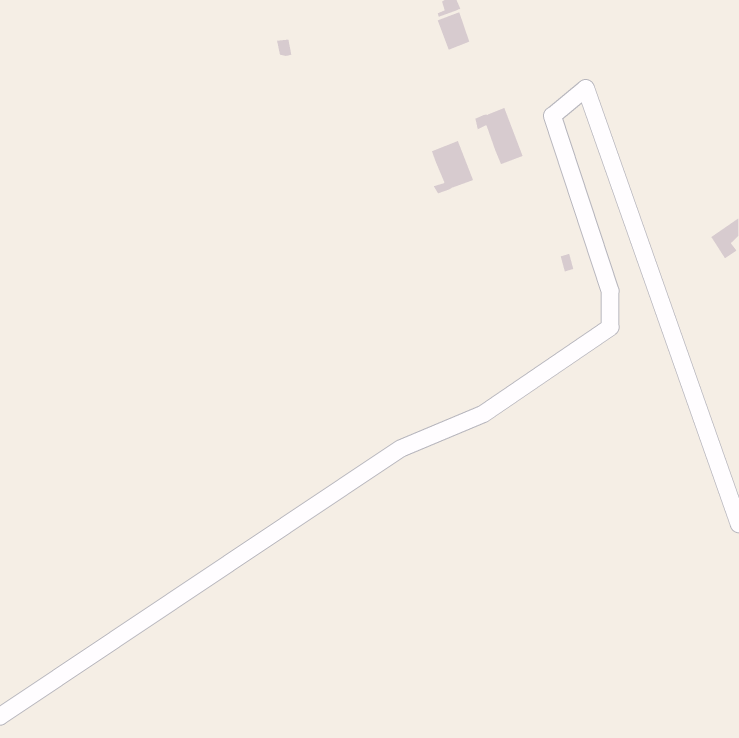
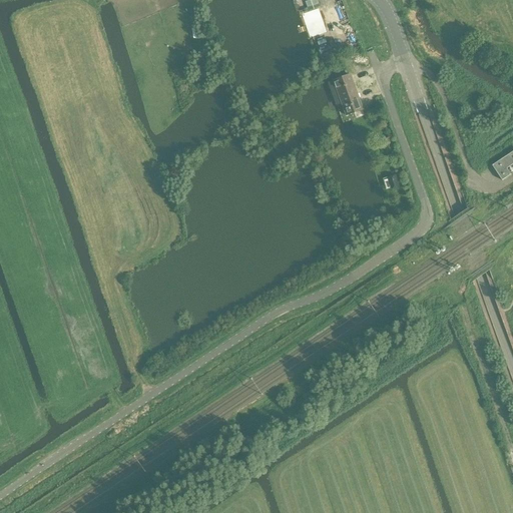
building: [431,140,474,194] -> none

